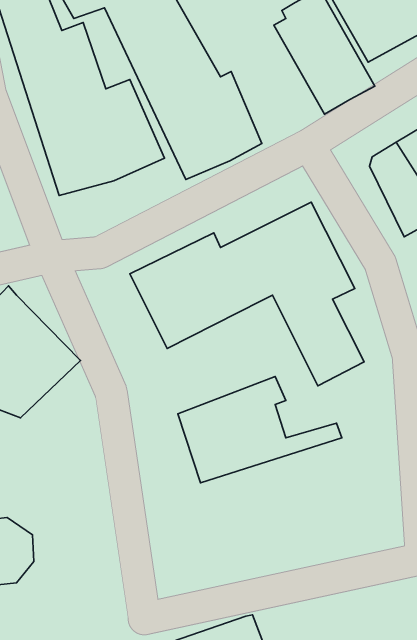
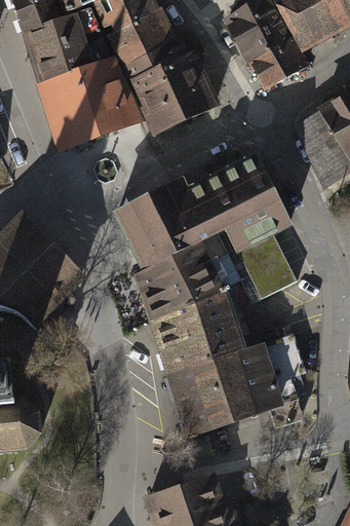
building: none -> [137,232,250,320]
building: none -> [169,333,304,434]

